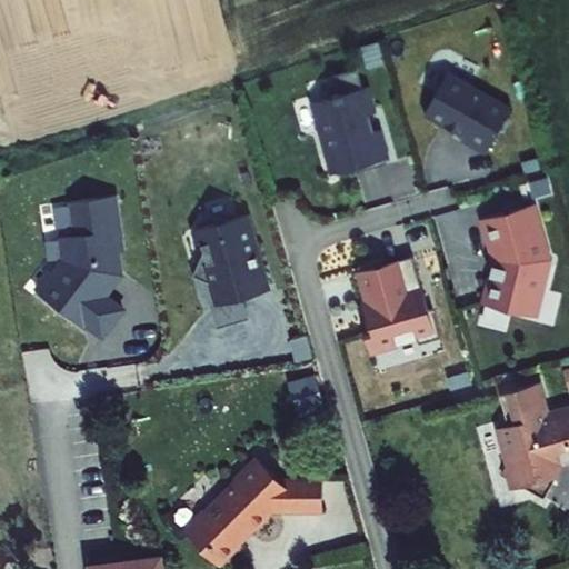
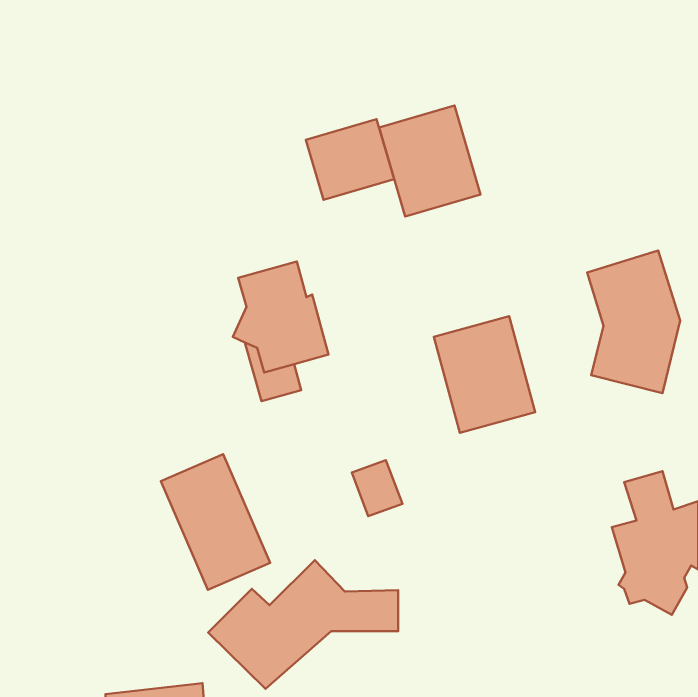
building: [421,66,517,158] -> none
building: none -> [306,119,394,200]
building: [34,200,126,342] -> none
building: none -> [161,454,270,590]

